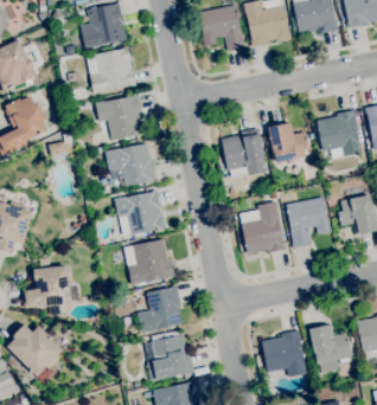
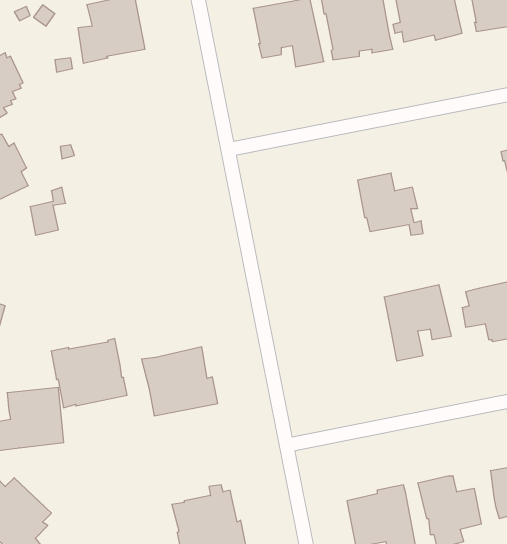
building: [87,46,136,94] -> none
building: [95,95,142,140] -> none
building: [317,109,362,156] -> none
building: [221,128,267,178] -> none
building: [104,143,155,186] -> none
building: [114,189,165,236] -> [51,339,127,408]
building: [239,201,286,253] -> none
building: [138,285,183,332] -> none

